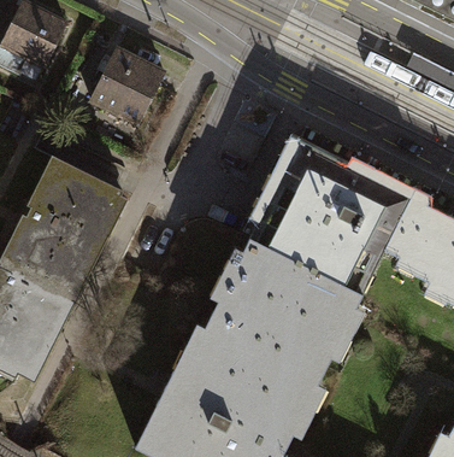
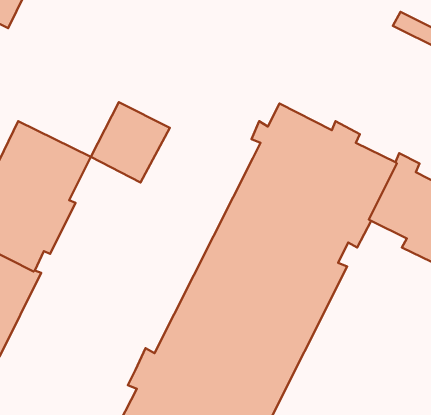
building: [90,48,165,124] -> [91,102,170,182]

